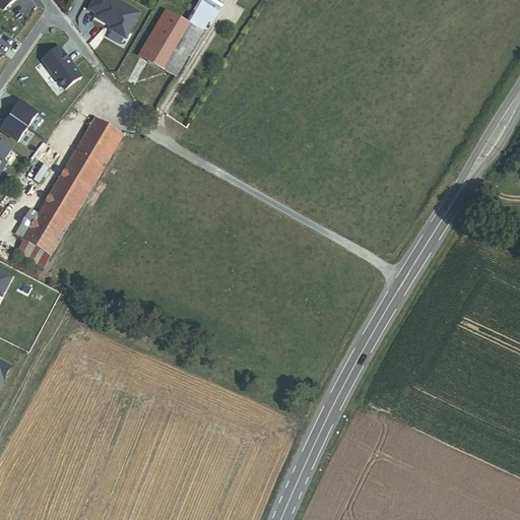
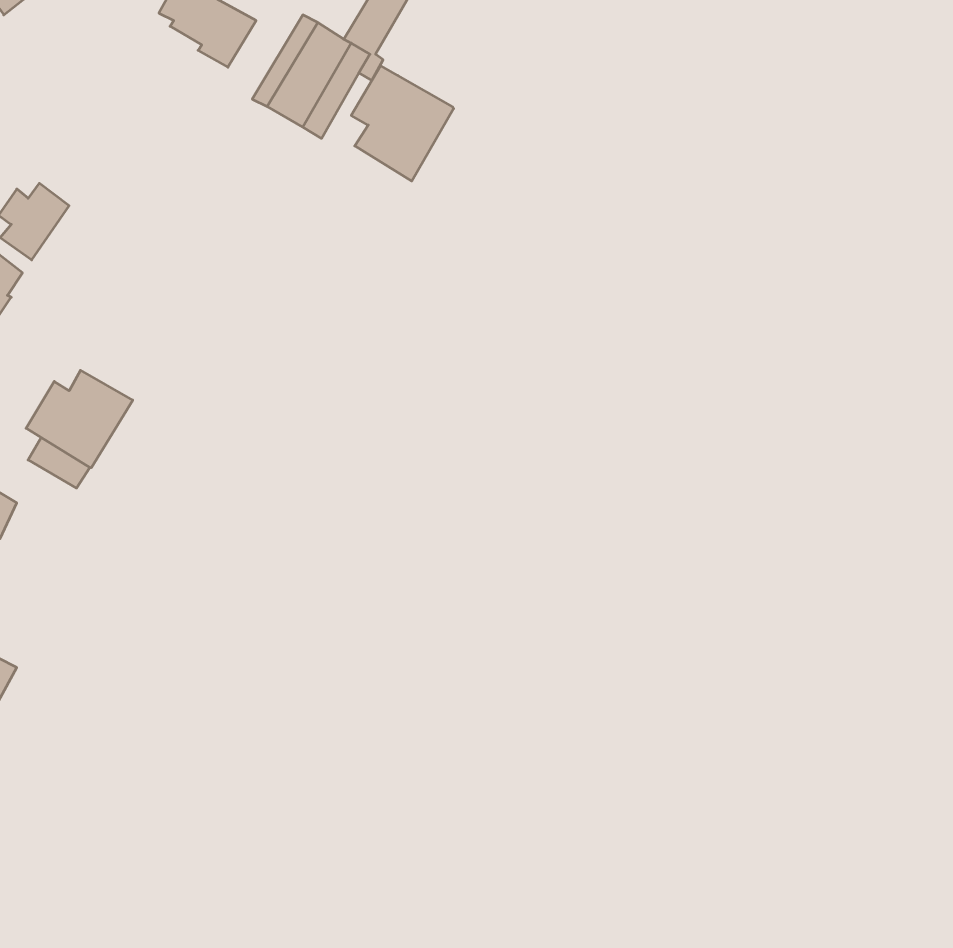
building: none -> [351,66,454,181]
building: [42,46,80,87] -> none
building: [44,117,122,217] -> none

